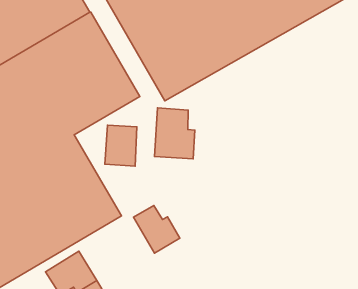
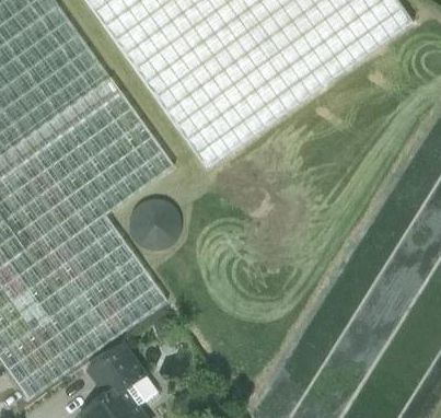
building: [154,108,195,159] -> none
building: [133,206,180,253] -> none

